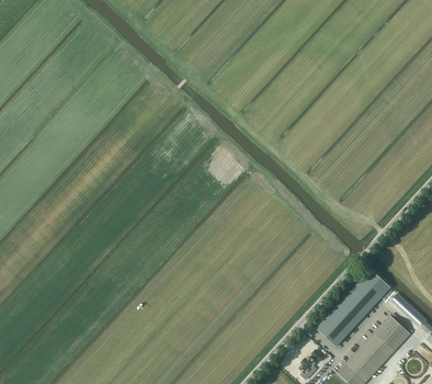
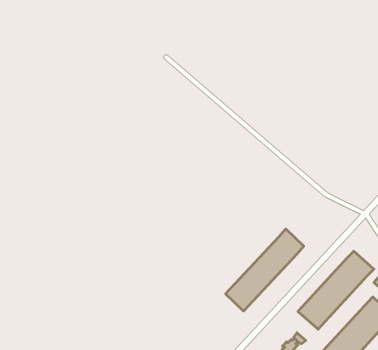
building: none -> [226,229,304,311]

